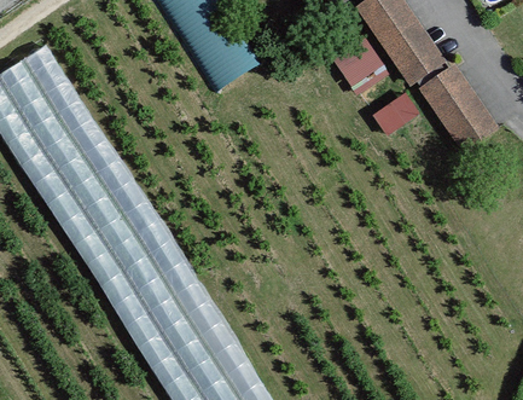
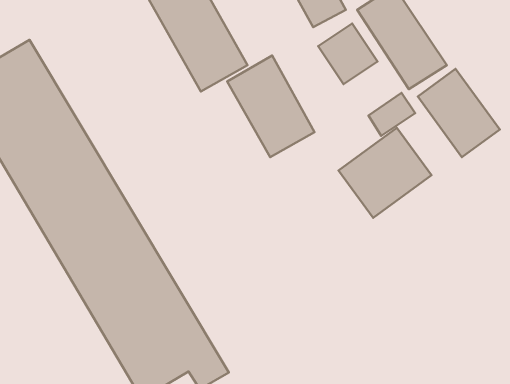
building: none -> [227,55,315,157]
building: none -> [339,128,431,218]

